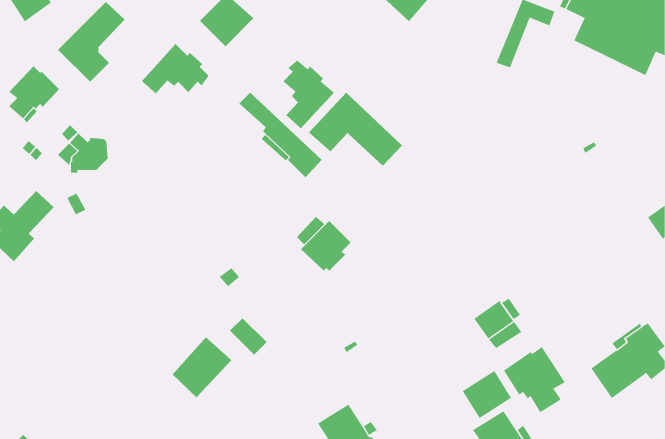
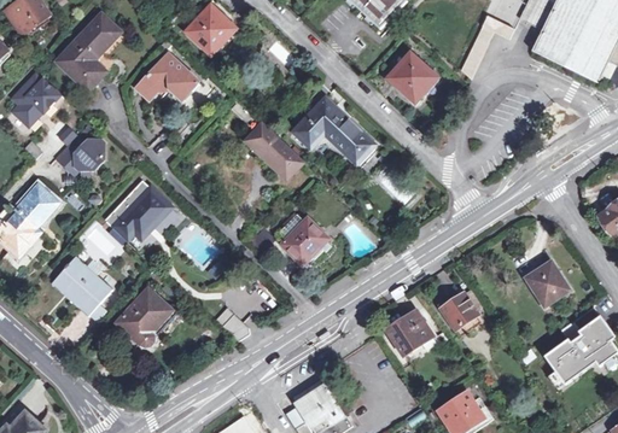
building: none -> [387,55,437,105]
building: [283,59,335,129] -> none
building: none -> [105,181,170,241]
building: none -> [49,257,106,311]
building: none -> [526,259,571,302]
building: [172,337,232,398] -> [117,289,173,346]
building: [503,346,566,413] -> none
building: [462,370,512,419] -> [387,310,433,355]

